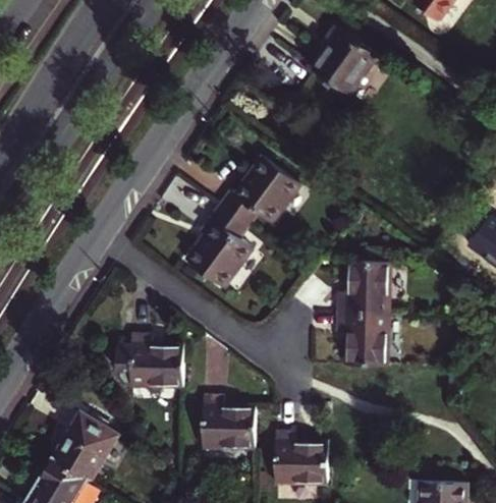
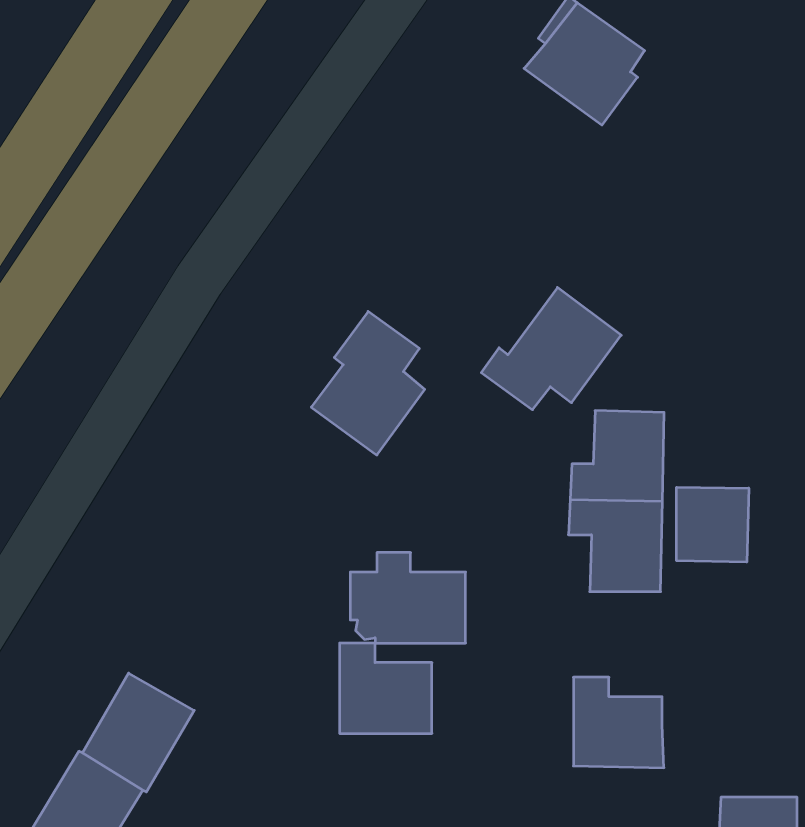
building: [219,156,299,226] -> [481,287,621,410]
building: none -> [676,487,749,562]
building: [116,334,182,386] -> [350,553,466,643]
building: [276,431,328,483] -> [573,677,664,768]

